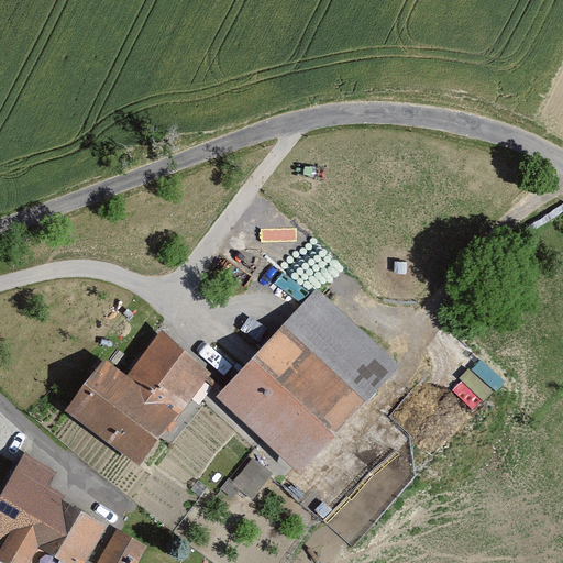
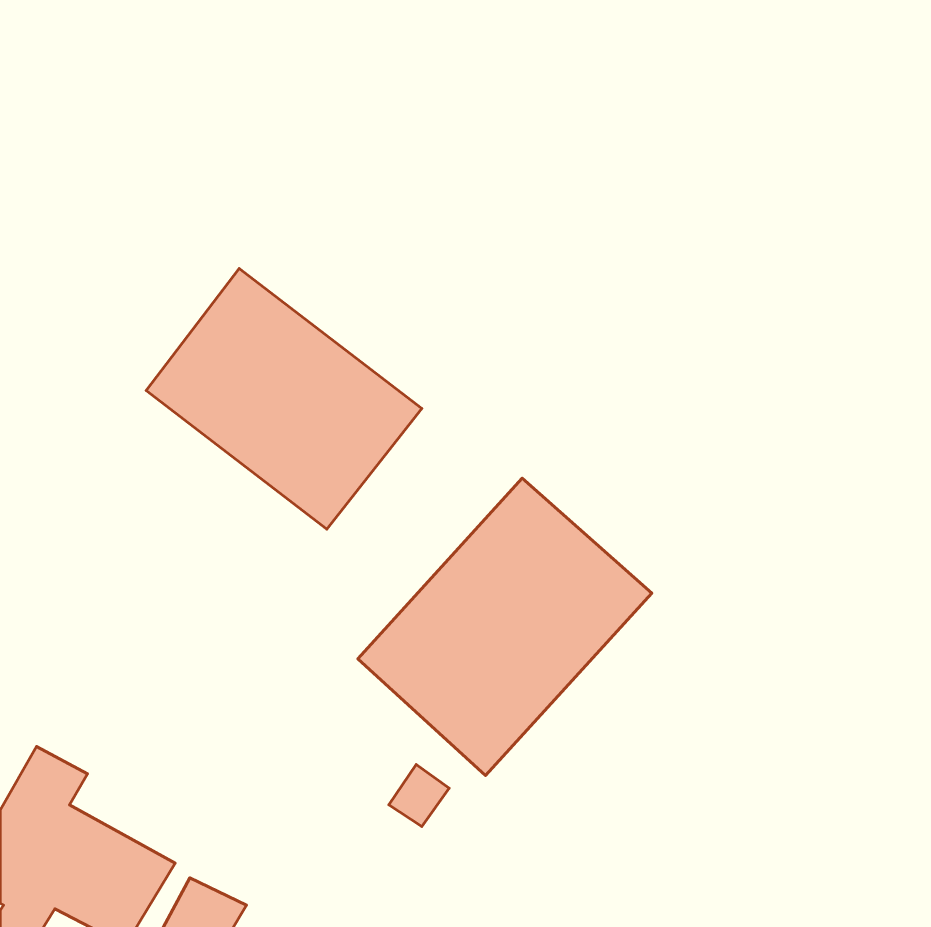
building: none -> [146,269,422,529]
building: [68,331,211,465] -> none

